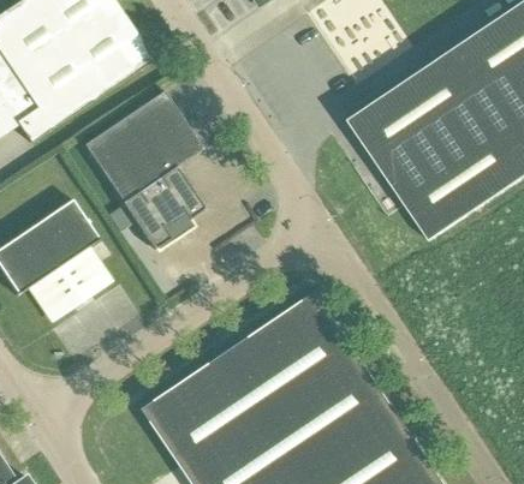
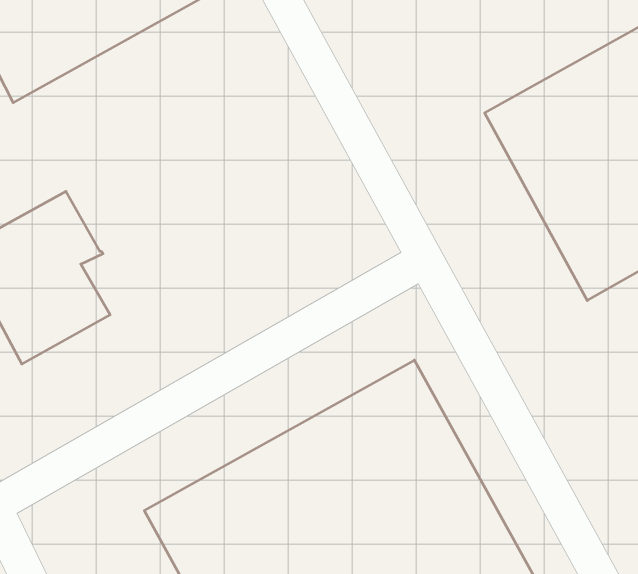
building: [83,91,204,252] -> none

